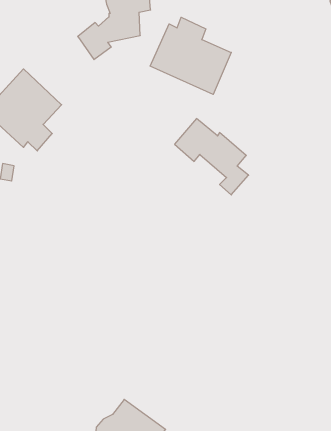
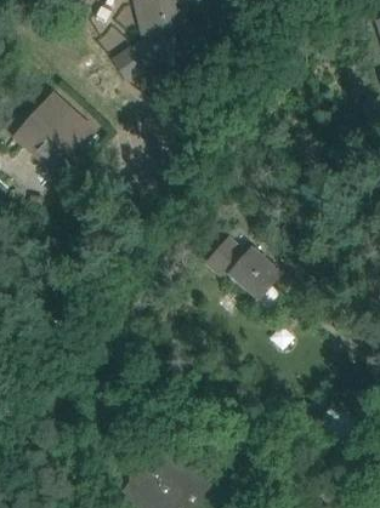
building: [150,17,231,94] -> none
building: [175,119,249,195] -> [205,235,283,315]

